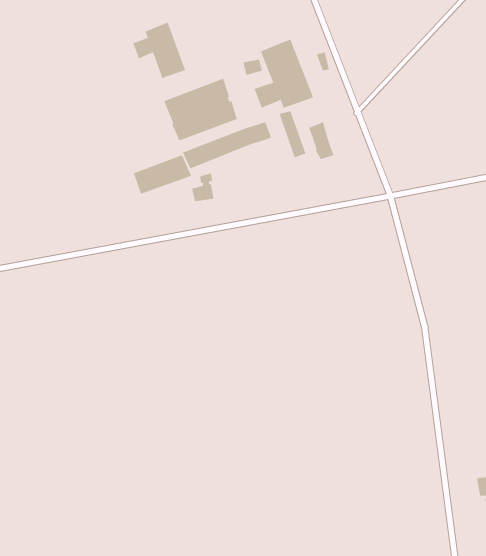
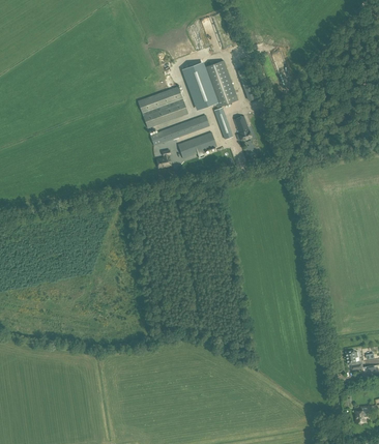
building: [132,21,186,79] -> none
building: [133,154,192,195] -> [177,131,216,158]

